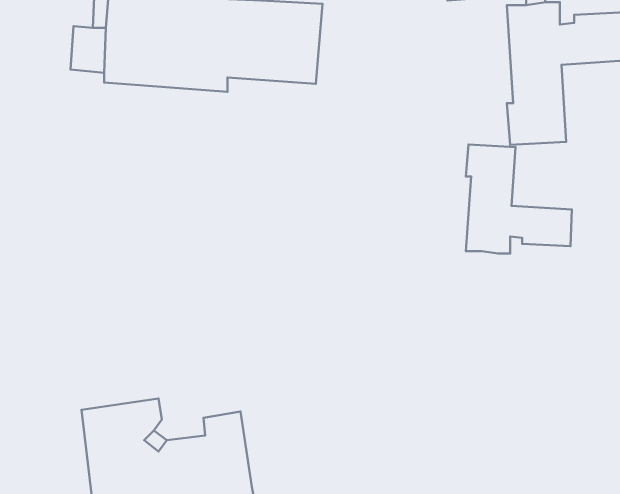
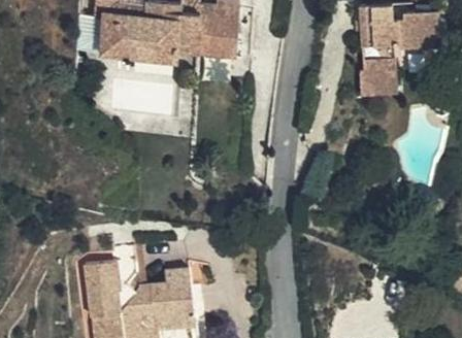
building: [466,145,572,254] -> none

